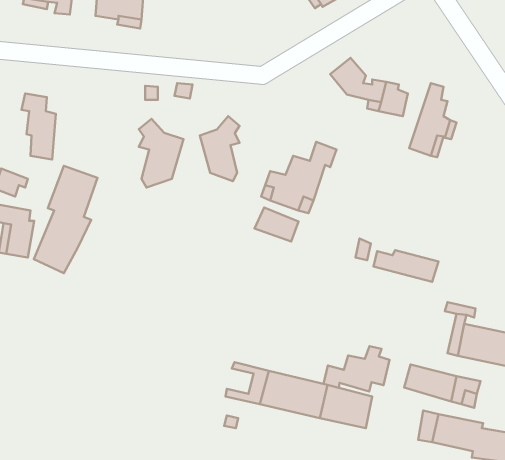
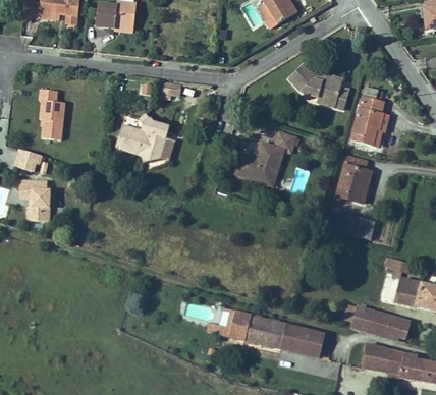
building: [200,116,239,181] -> none
building: none -> [111,126,143,157]
building: [34,166,97,273] -> none
building: none -> [335,153,368,195]
building: [255,208,298,241] -> none
building: [324,346,390,391] -> none

